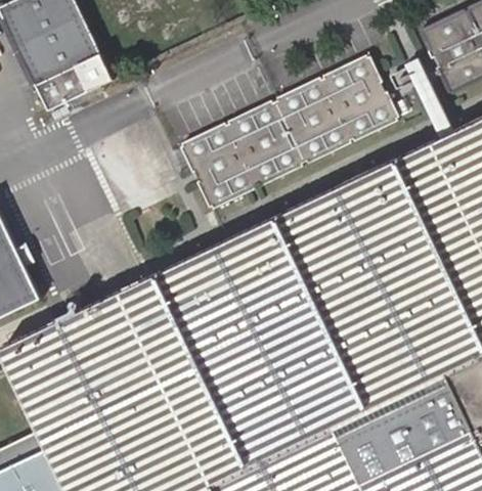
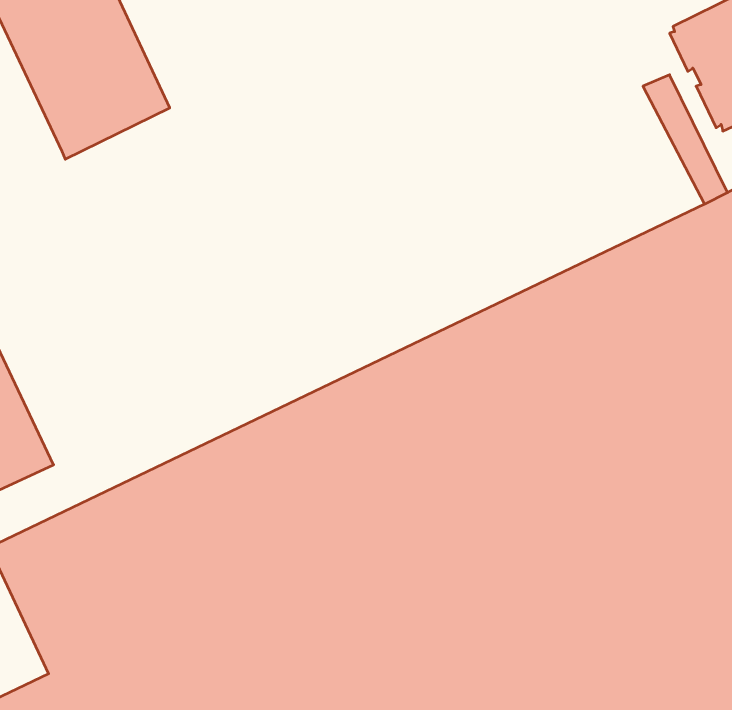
building: [181,53,399,208] -> none

